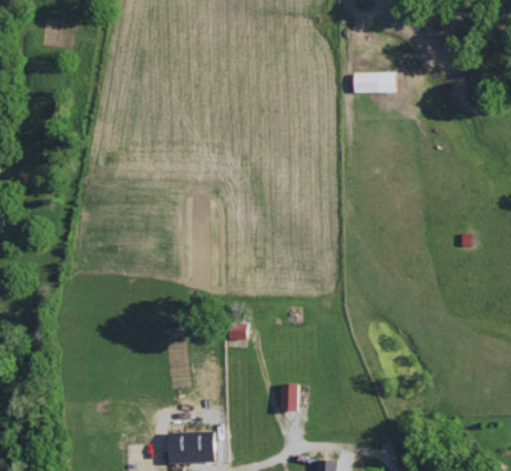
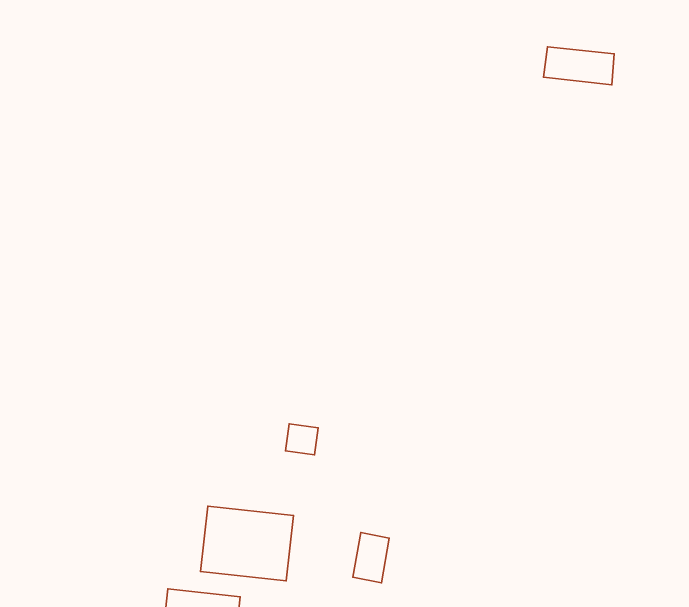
building: none -> [200,506,294,581]

